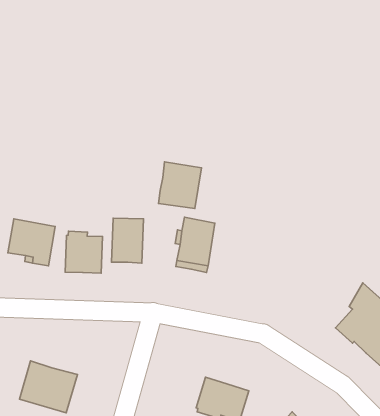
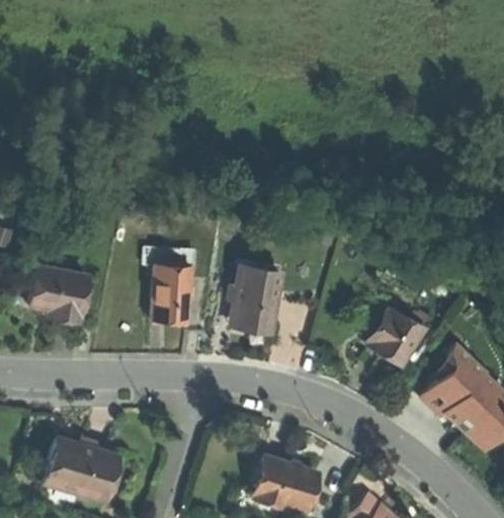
building: [158,162,201,209] -> none
building: [65,231,103,273] -> none
building: none -> [368,309,423,365]

